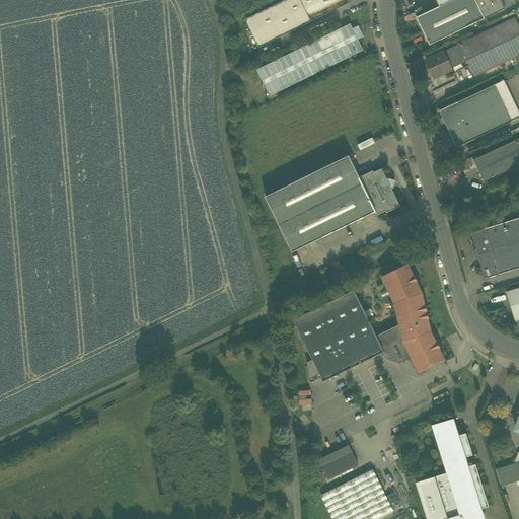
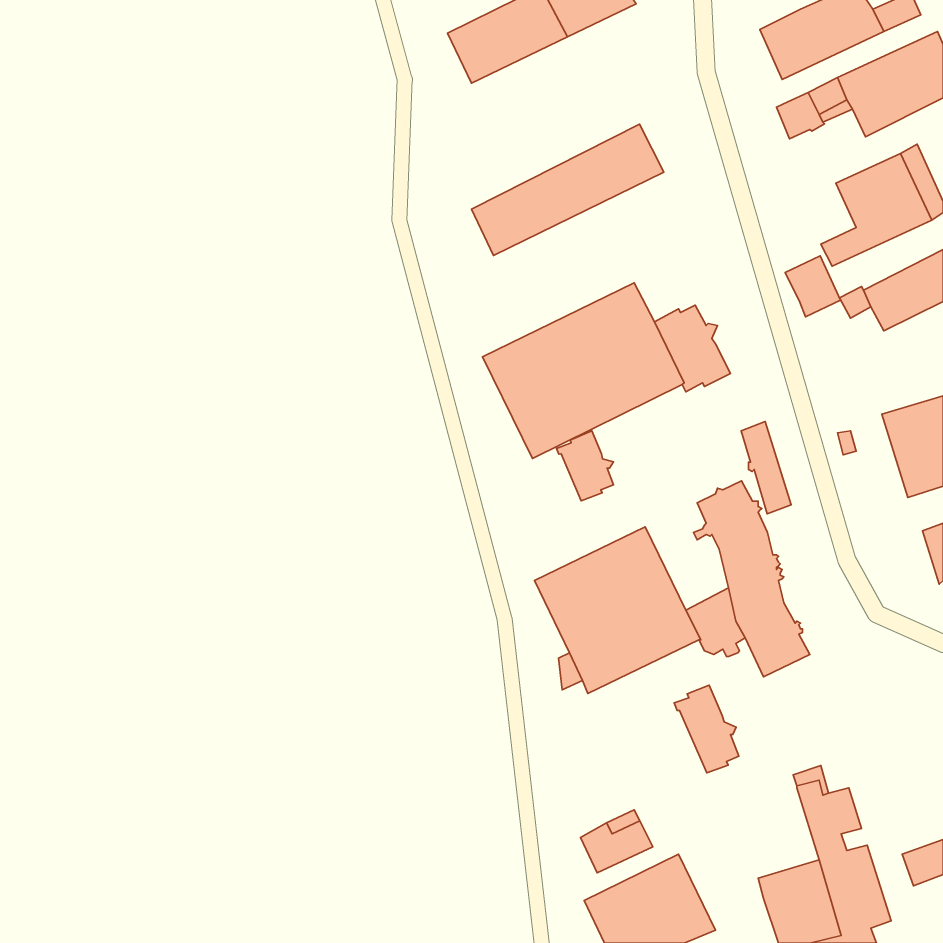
building: [255,22,361,94] -> [471,124,664,255]
building: [439,100,469,134] -> [785,256,841,317]
building: [470,227,498,278] -> [741,422,791,514]
building: none -> [557,431,613,501]
building: none -> [674,685,739,773]

